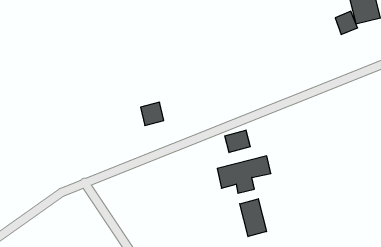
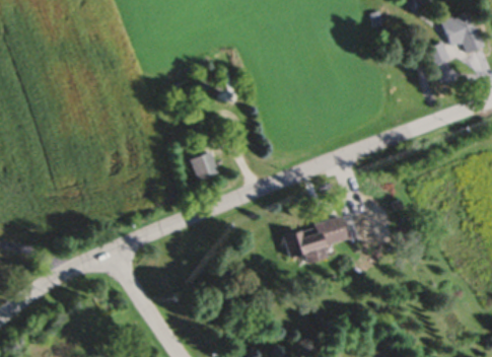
building: [225,130,250,153] -> none
building: [240,199,266,237] -> none

